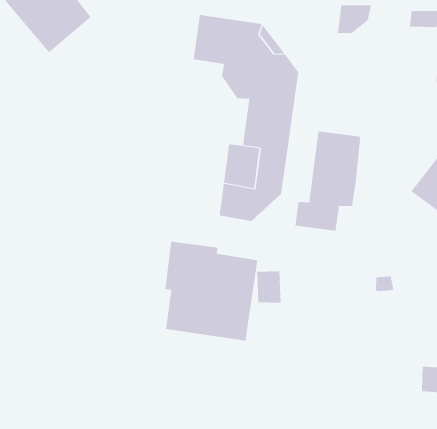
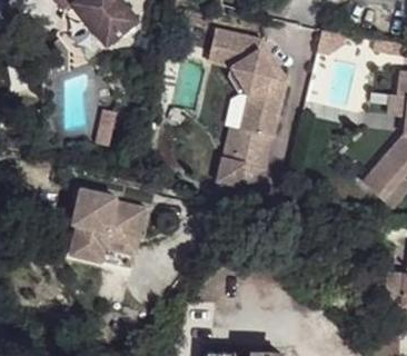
building: [295,131,361,232] -> none
building: [164,241,258,341] -> [71,187,146,267]

